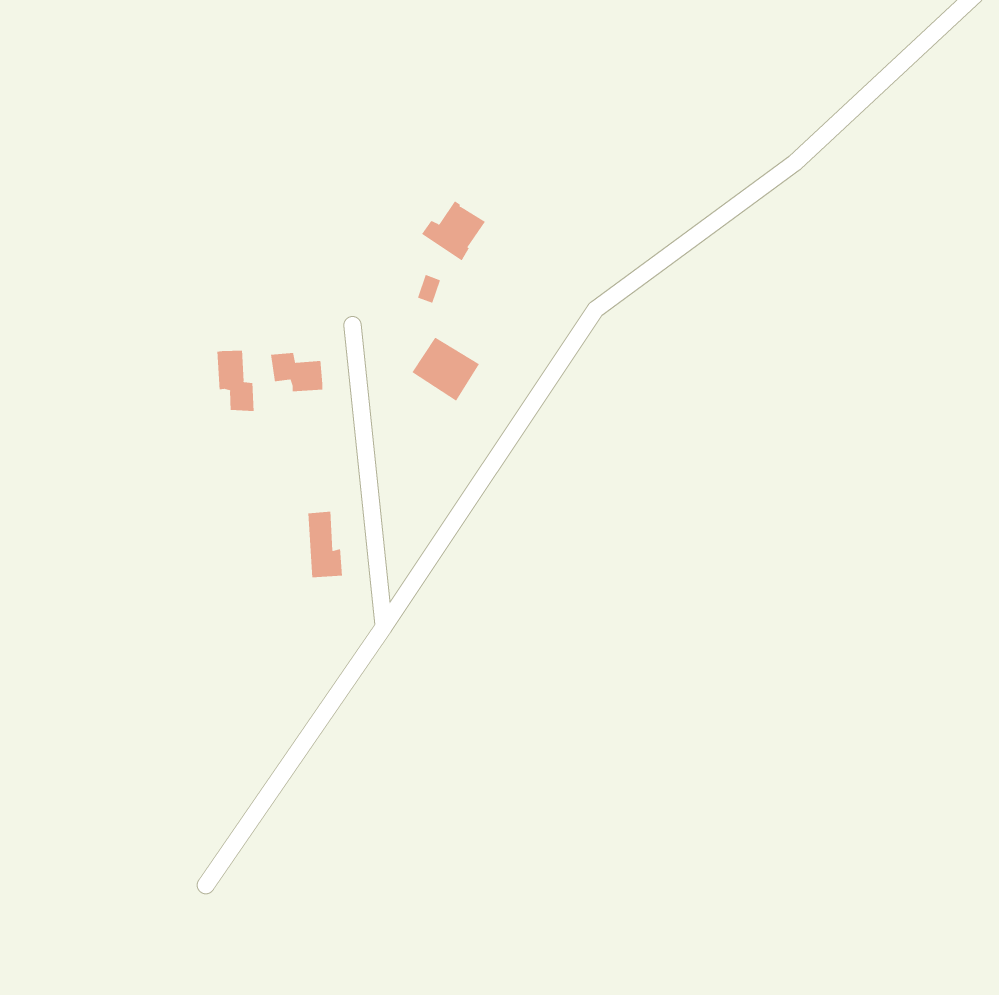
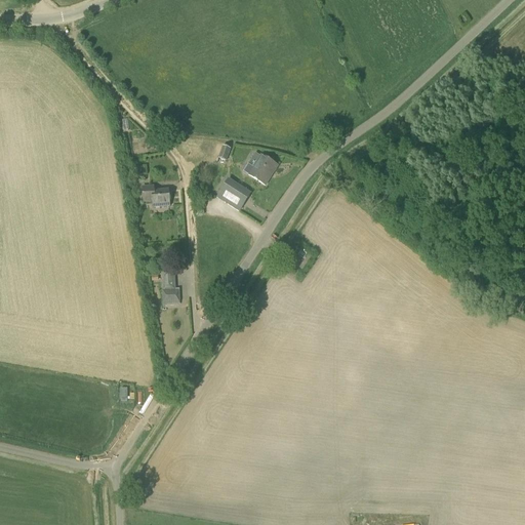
building: [421,200,486,261] -> [244,152,278,184]
building: [217,350,254,412] -> none

